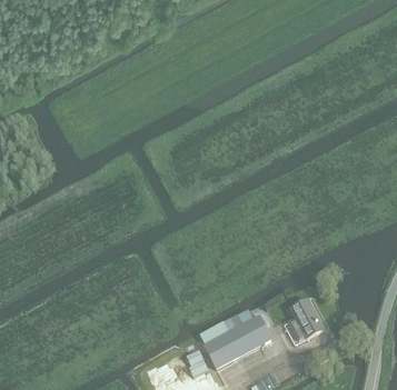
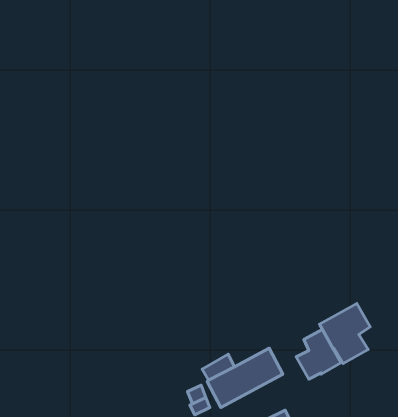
building: none -> [319,304,370,363]

